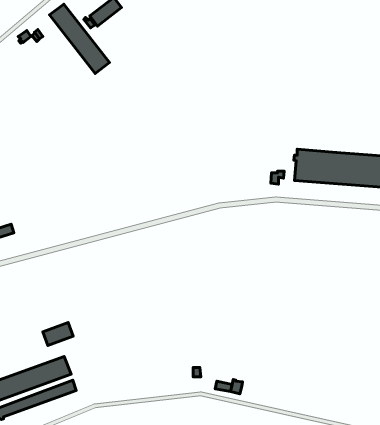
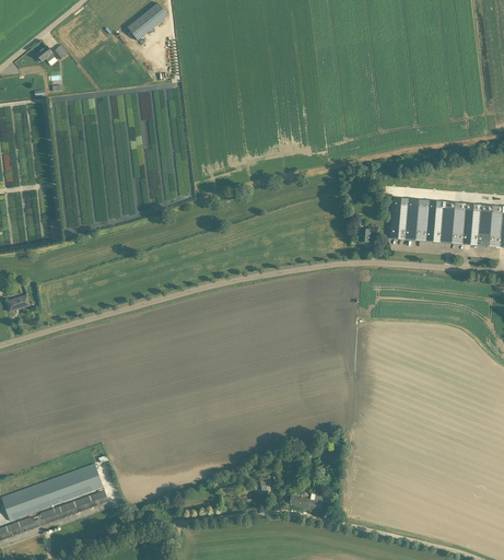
building: [49,4,110,73] -> none
building: [43,323,73,345] -> none

